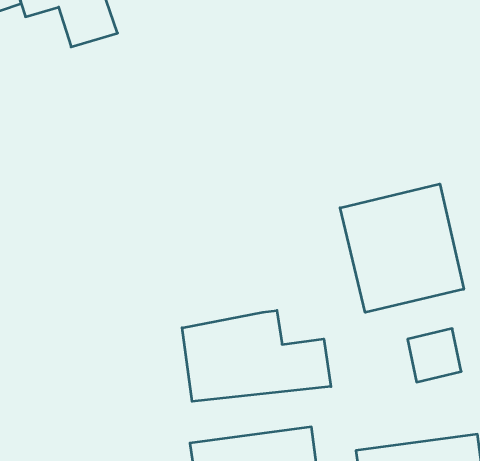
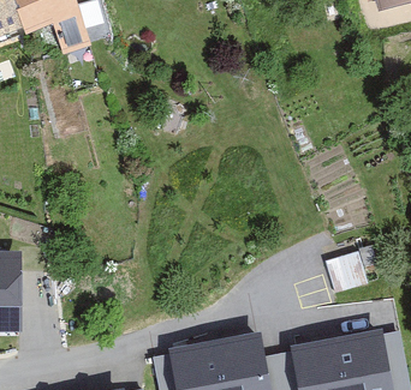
building: [340,184,464,312] -> none
building: [182,310,331,401] -> none

